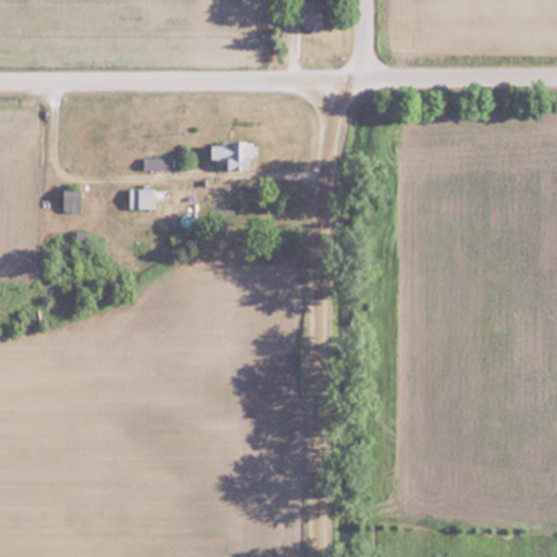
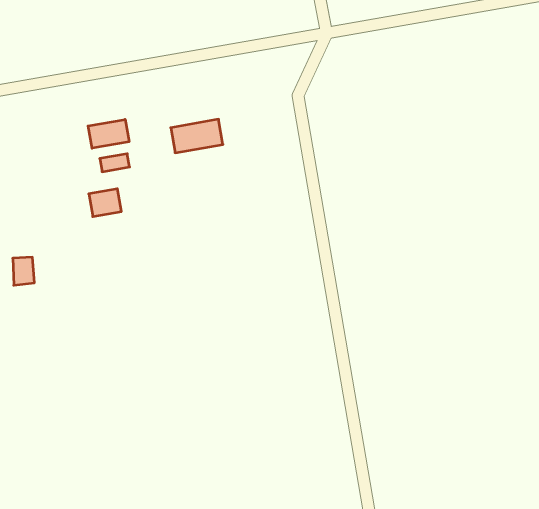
building: none -> [88,119,129,148]
building: [61,190,82,215] -> [13,257,34,285]

